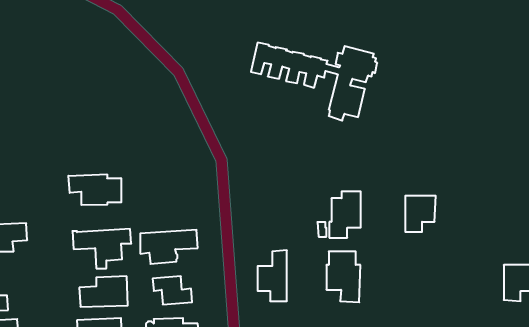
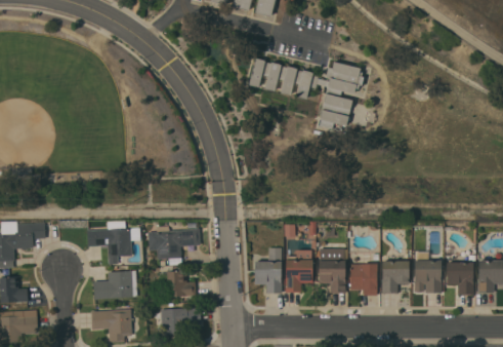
building: [68,174,121,205] -> none
building: [329,191,361,238] -> [284,250,312,293]
building: [405,196,436,232] -> [381,261,409,294]
building: none -> [414,261,441,293]
building: none -> [446,263,472,295]
building: none -> [348,264,377,296]

